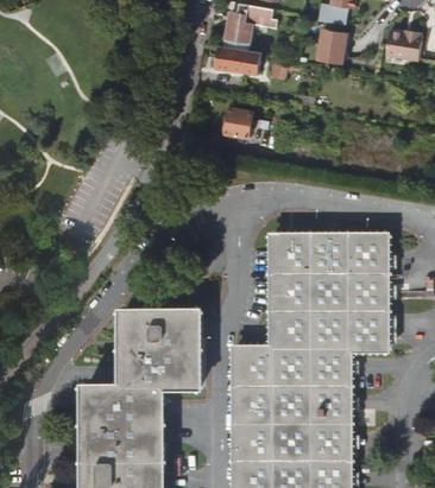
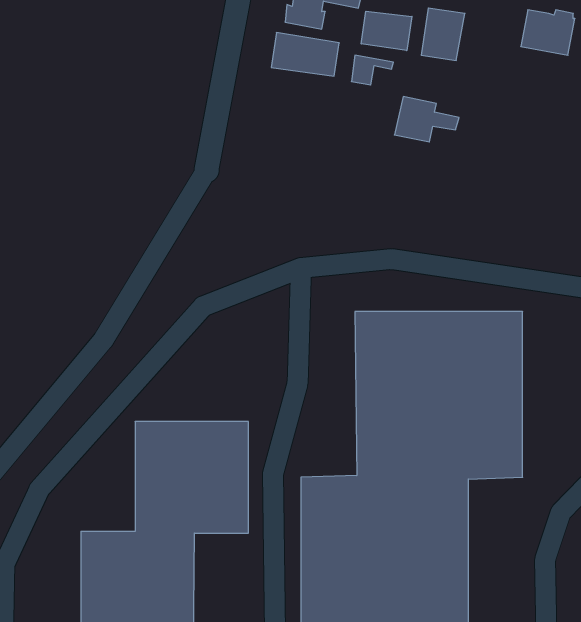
building: none -> [361,11,412,51]
building: [225,107,269,138] -> [394,97,459,142]

